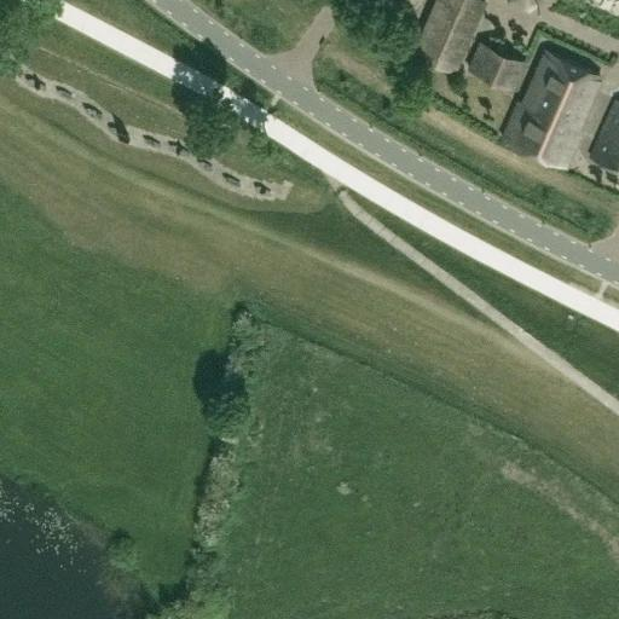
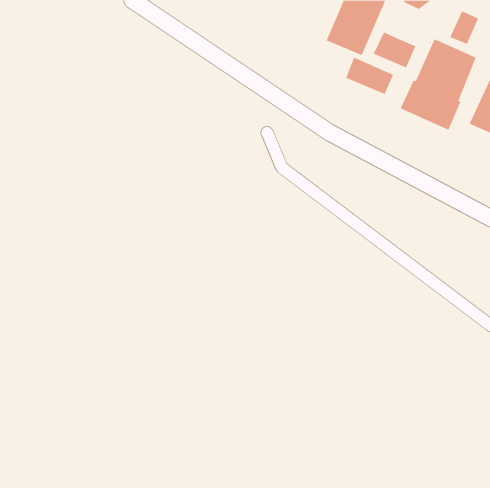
building: none -> [450,10,479,45]
building: none -> [346,57,394,95]

